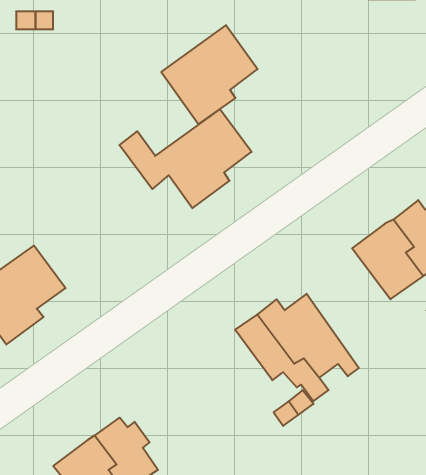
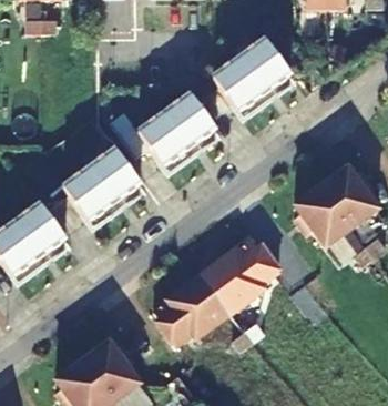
building: [161,25,258,124] -> [212,38,289,118]
building: none -> [61,148,140,227]
building: none -> [153,271,229,343]

